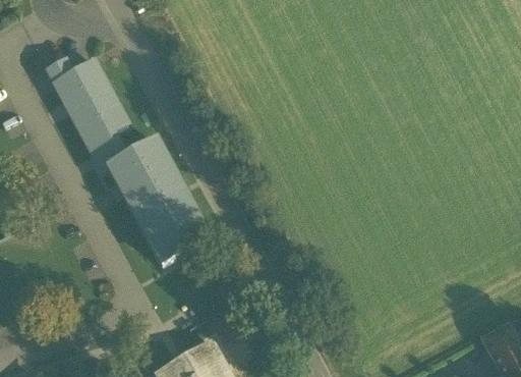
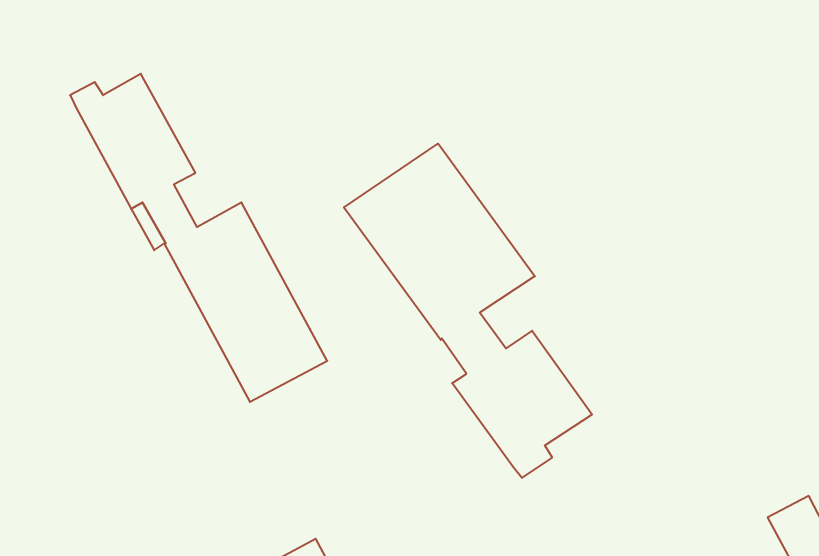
building: none -> [344,144,592,478]

